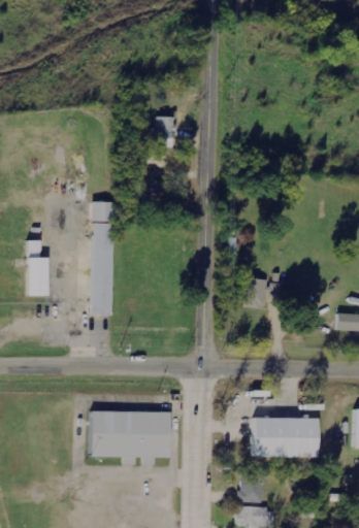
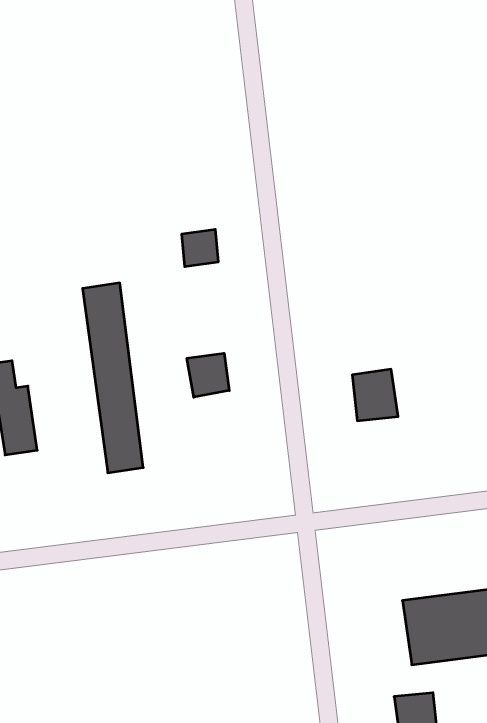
building: [157,117,175,147] -> none
building: none -> [187,353,229,397]
building: [90,409,167,462] -> none

